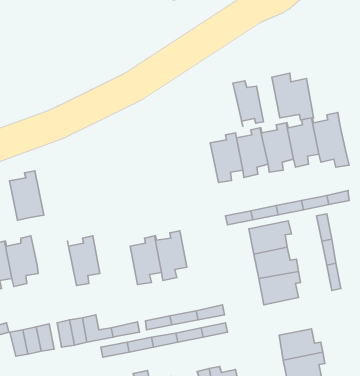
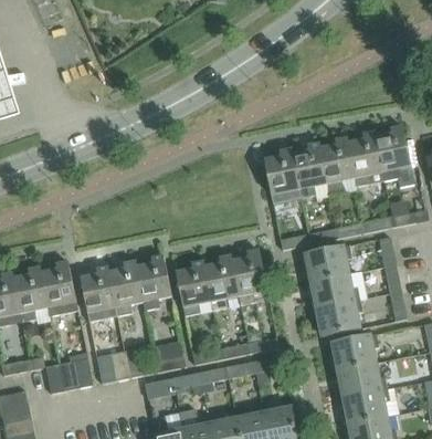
building: [272,73,313,120] -> none
building: [233,81,264,126] -> none
building: [9,171,44,220] -> [80,266,117,321]
building: none -> [230,249,266,304]
building: none -> [135,255,171,310]
building: none -> [333,334,378,369]

